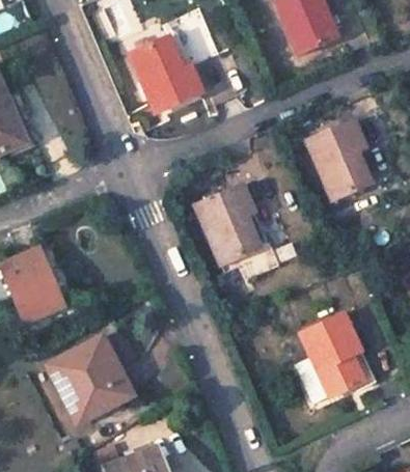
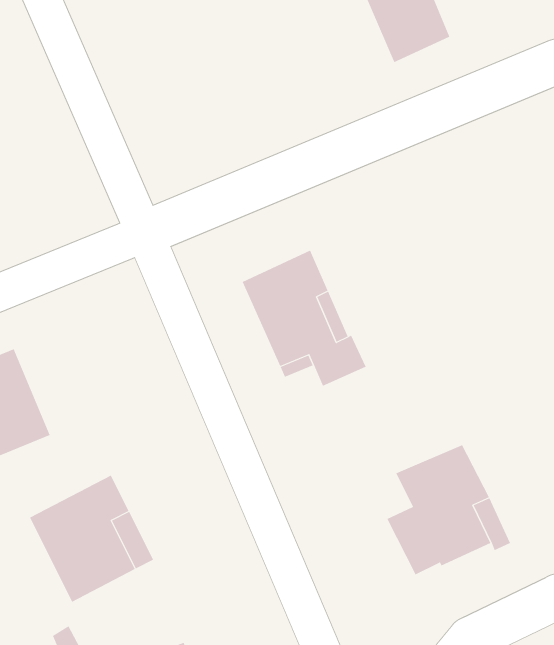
building: [130,36,203,112] -> none
building: [306,119,370,199] -> none

